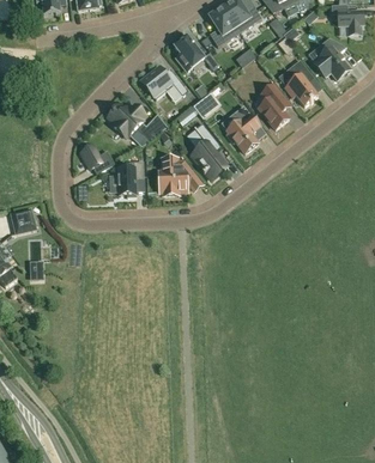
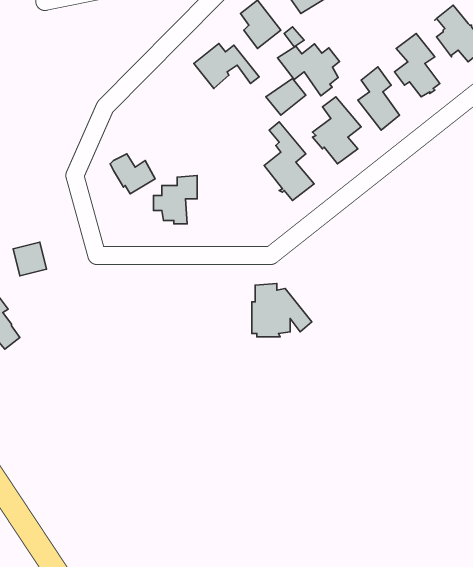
building: none -> [277,44,340,96]
building: [107,102,167,145] -> none
building: [158,156,201,194] -> [252,283,312,337]

